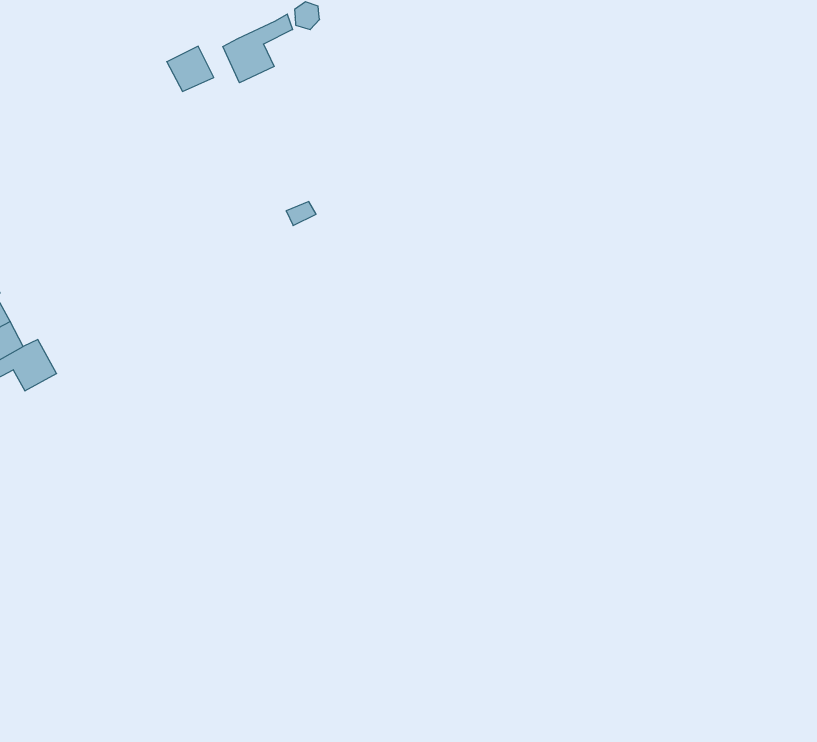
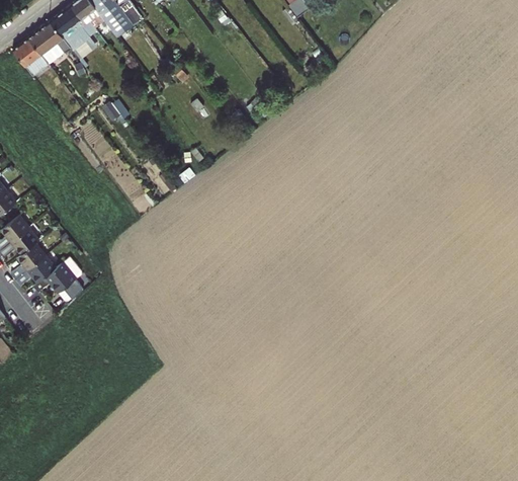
building: [223,14,293,83] -> none

